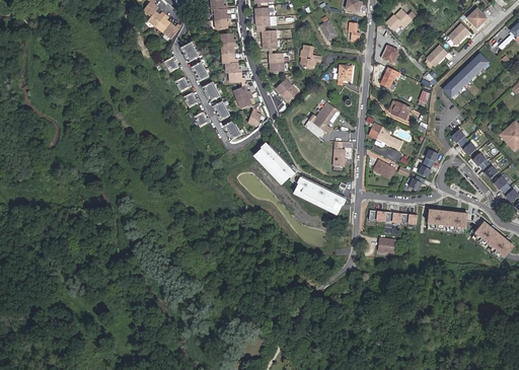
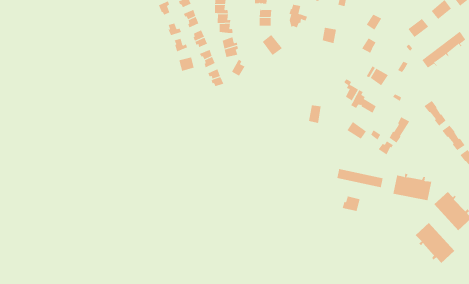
building: [306,101,337,134] -> none
building: [255,142,345,213] -> none
building: none -> [415,222,455,264]

